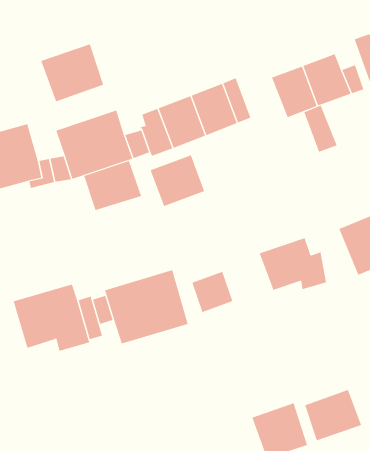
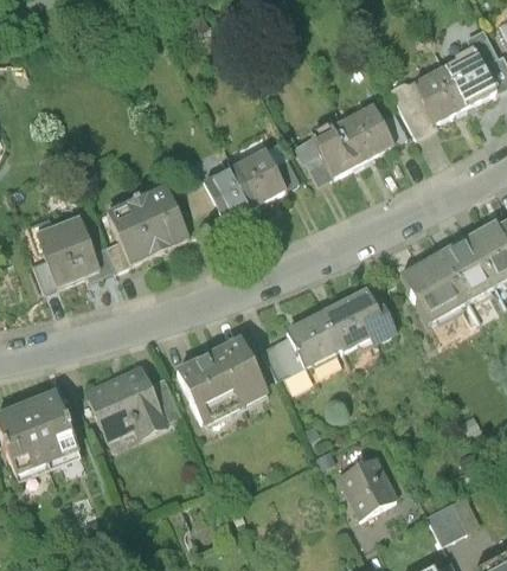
building: [40,44,104,102] -> none
building: [303,105,337,153] -> [297,136,335,184]
building: [150,155,205,207] -> none
building: [84,160,142,211] -> none
building: none -> [289,312,342,363]
building: [304,389,362,441] -> none

